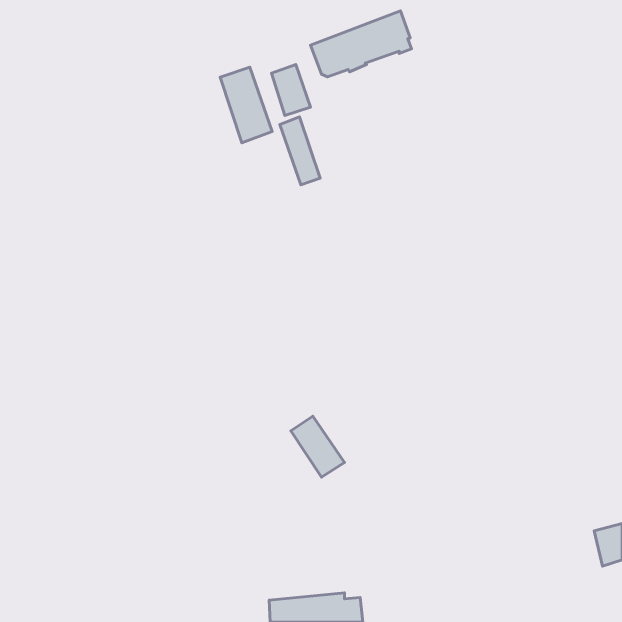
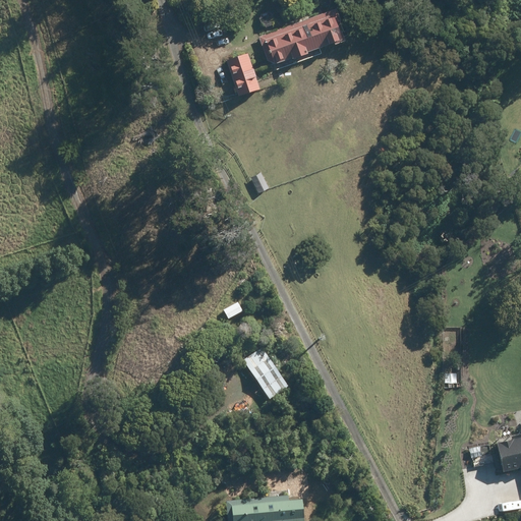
building: [220,67,272,143] -> none
building: [280,117,320,185] -> none

